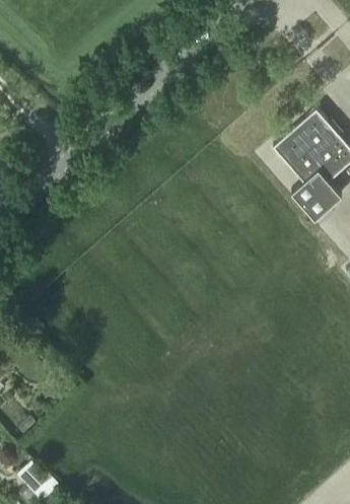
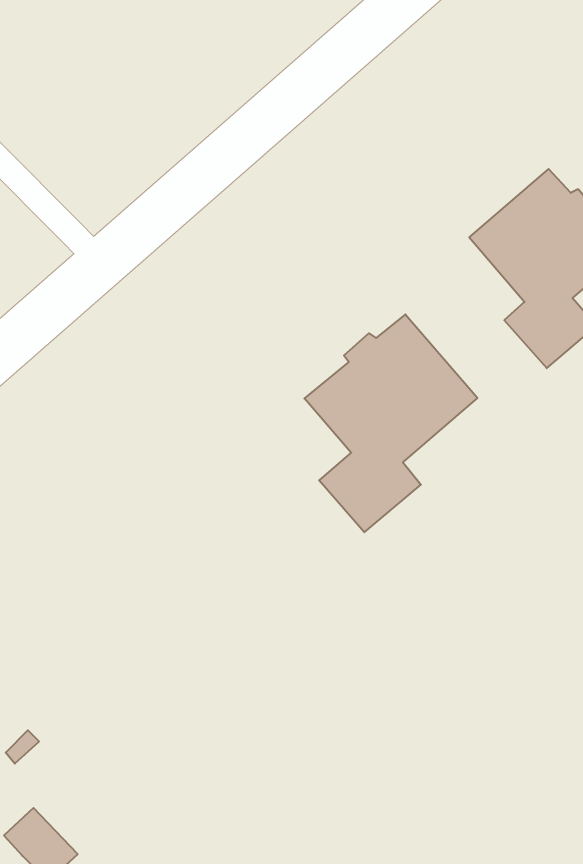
building: none -> [304,314,477,532]

